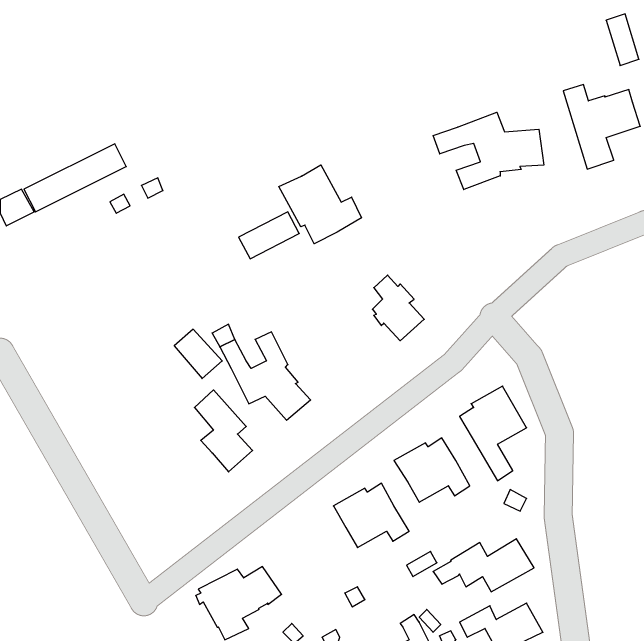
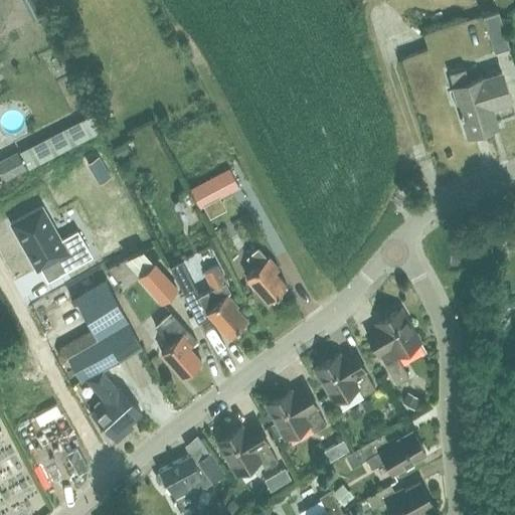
building: [433,112,544,190] -> none
building: [279,165,361,244] -> none
building: none -> [10,202,93,272]
building: [372,275,424,341] -> [246,251,288,304]
building: none -> [57,284,142,440]
building: none -> [217,424,278,477]

